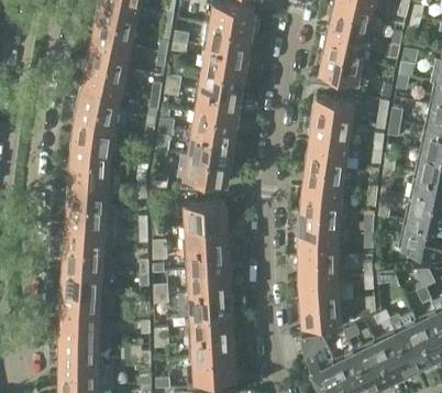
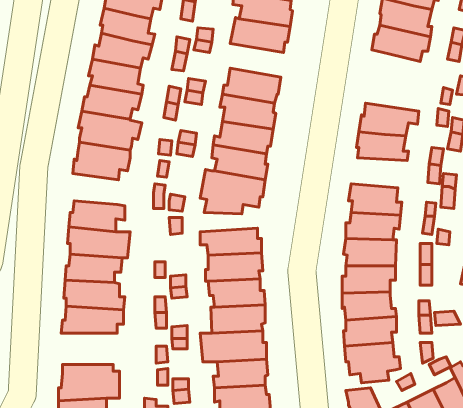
building: [202,46,248,75] -> none
building: [321,52,367,84] -> none
building: [306,143,356,170] -> none
building: [69,156,115,184] -> none
building: [59,292,113,318] -> none

